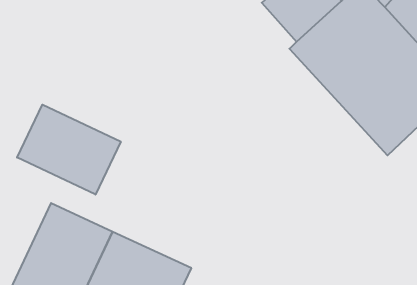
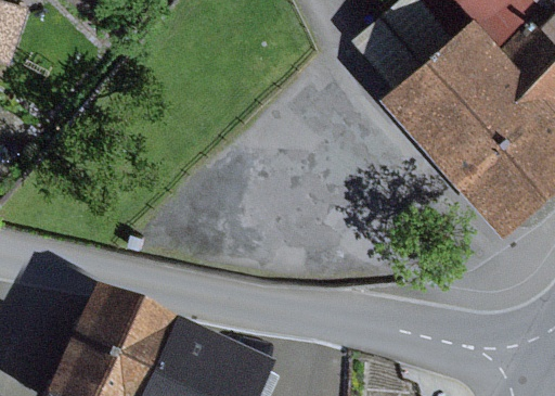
building: [17,105,121,195] -> none

